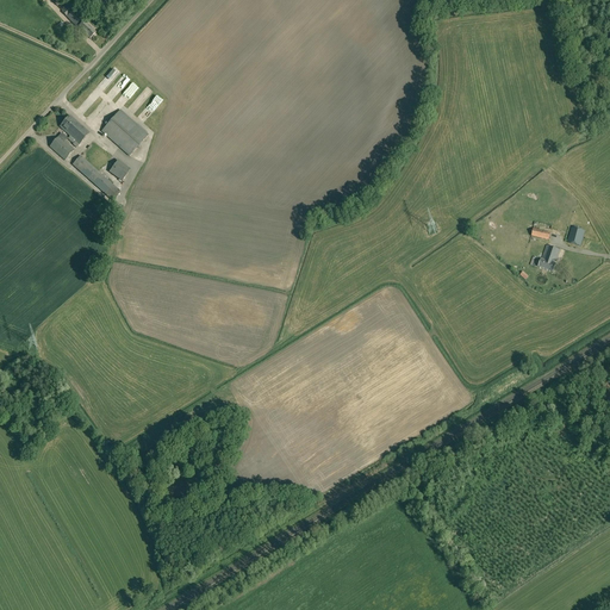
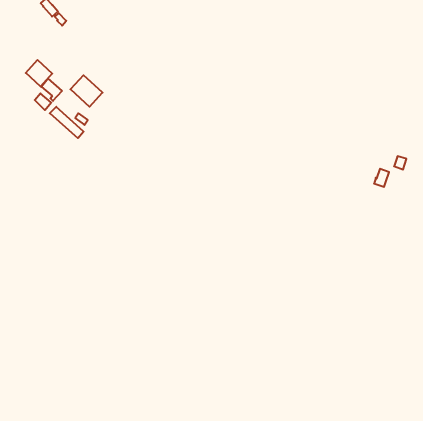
building: none -> [26,60,52,87]

